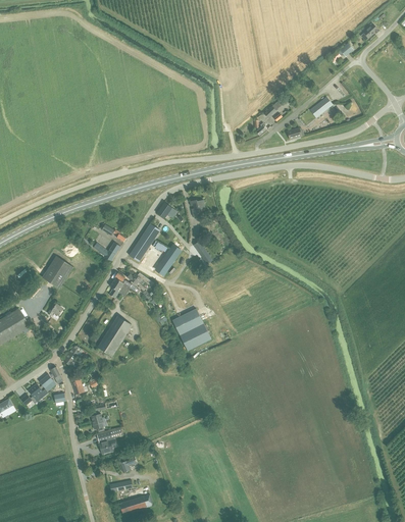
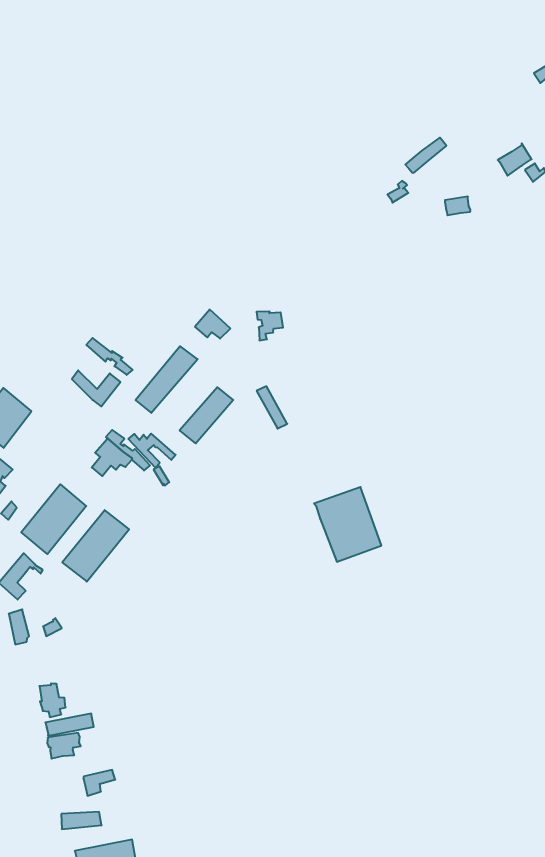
building: none -> [21,484,86,554]
building: [171,308,210,350] -> [314,487,381,562]

